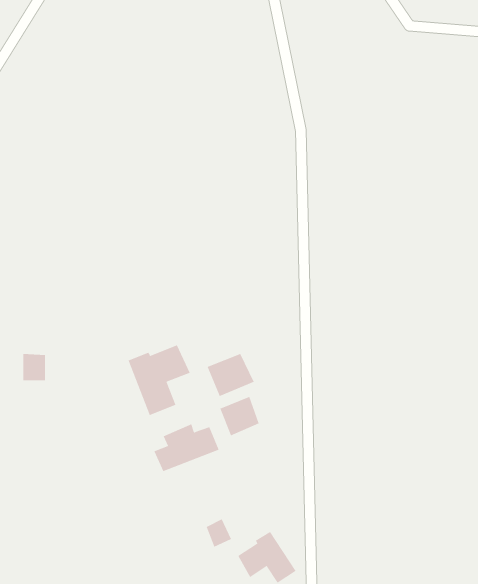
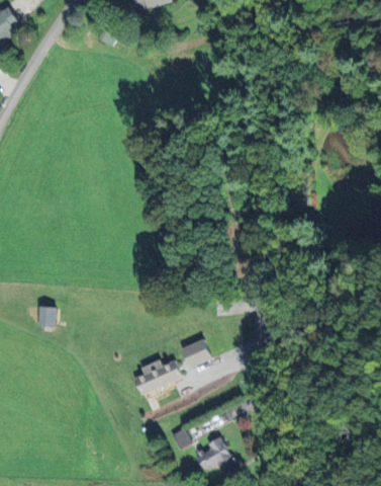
building: [128,345,191,416] -> none
building: [207,353,254,397] -> none

